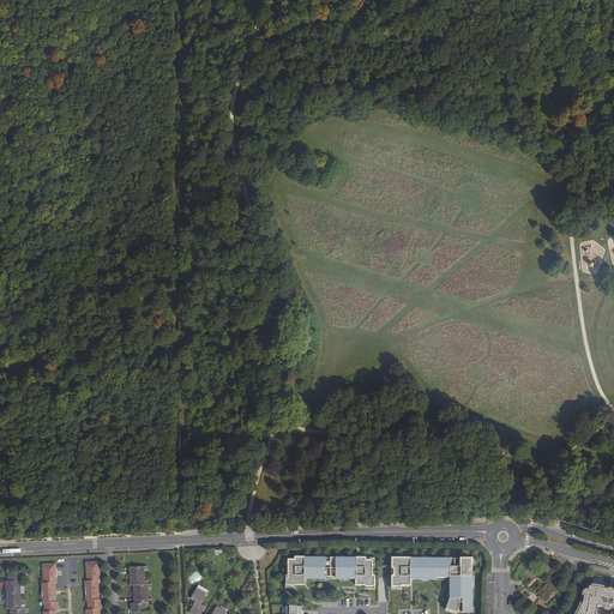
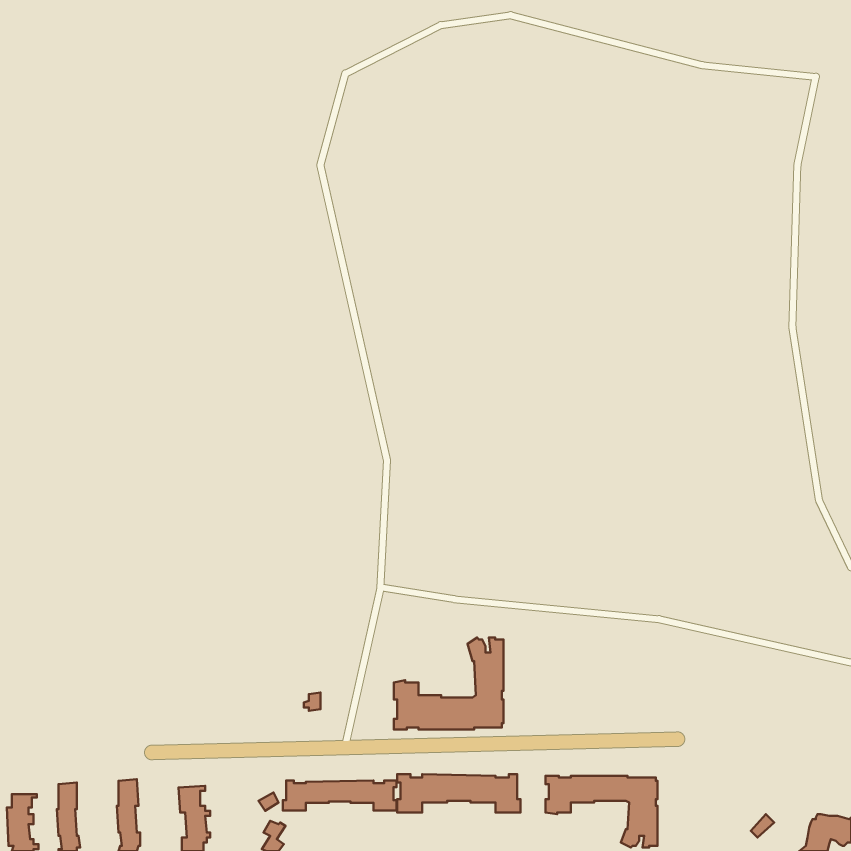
building: none -> [394,637,504,729]
building: none -> [283,781,396,811]

